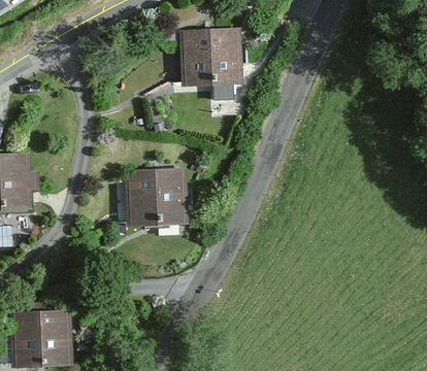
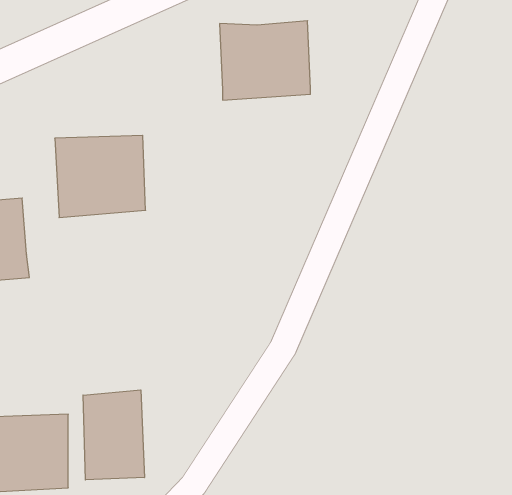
building: [122,169,187,228] -> [55,135,146,218]
building: none -> [83,390,144,480]

